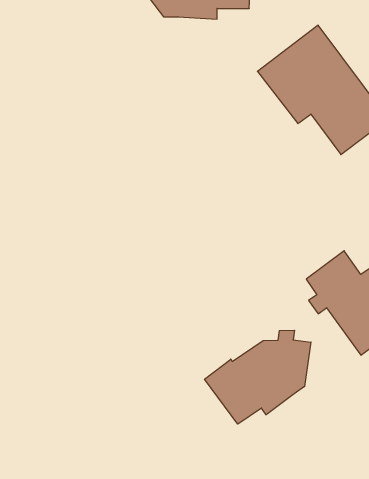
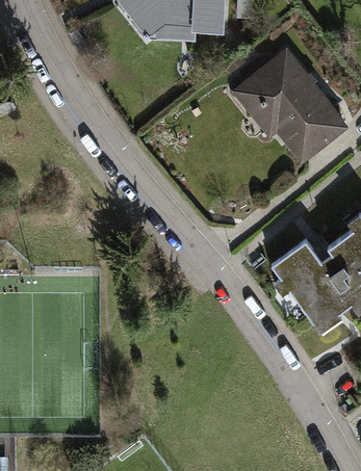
building: [205,330,311,424] -> none

